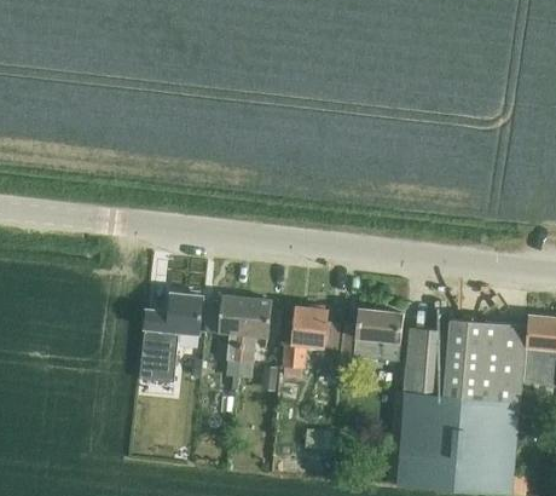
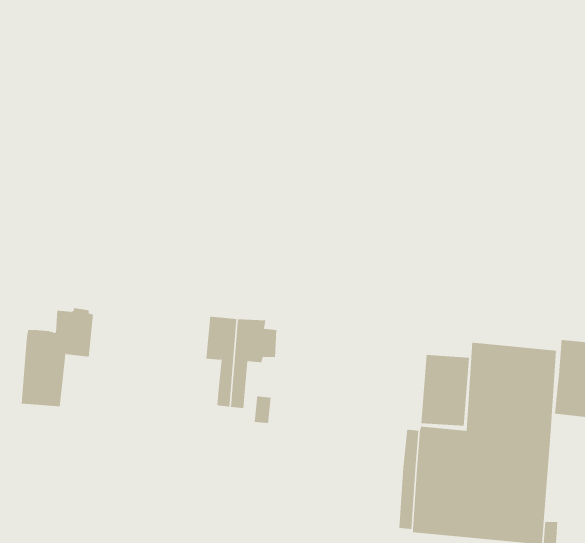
building: [139,290,203,377] -> [21,308,94,407]
building: [283,304,342,369] -> none
building: [354,310,402,361] -> none

